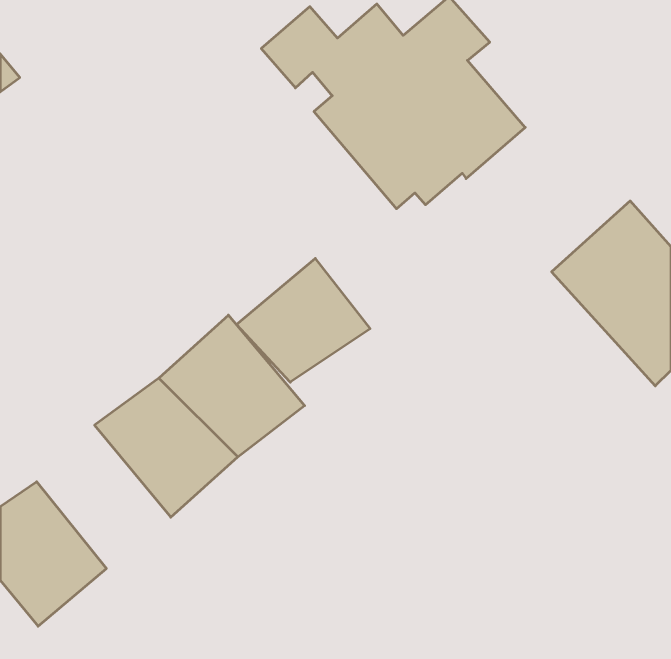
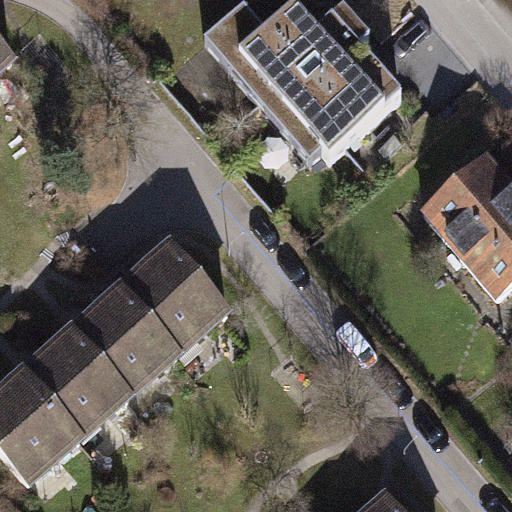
building: [237,258,370,382] -> none
building: none -> [28,324,130,433]

